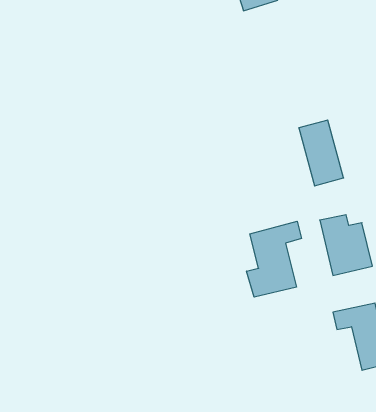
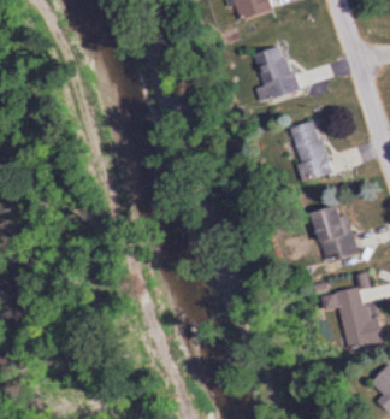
building: none -> [253,43,297,99]
building: [247,221,302,297] -> none

